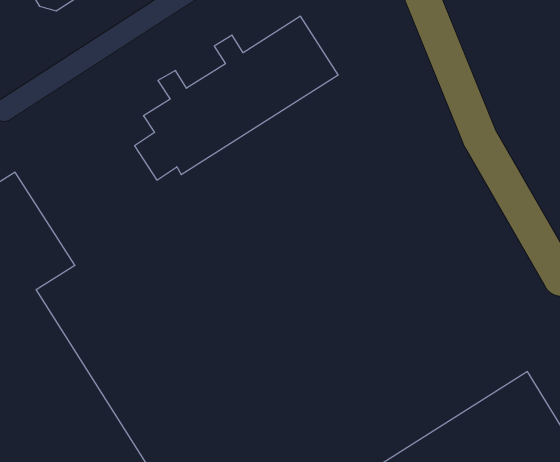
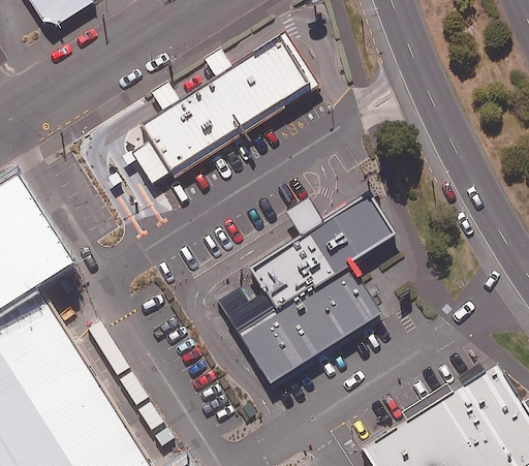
building: none -> [219,198,397,389]

